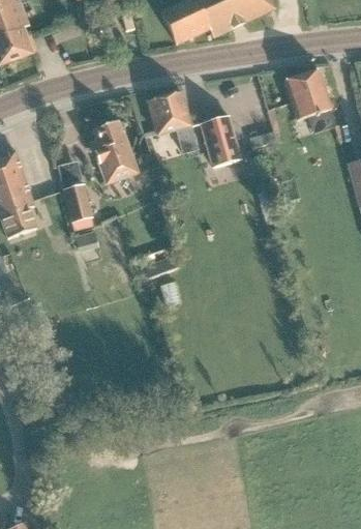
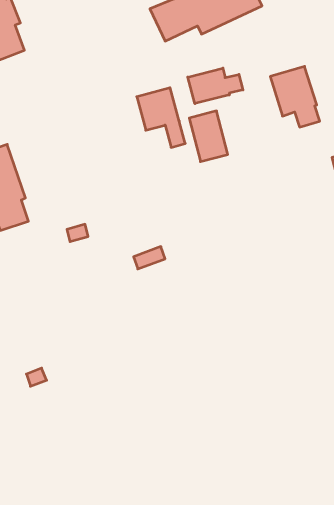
building: none -> [188,68,243,104]
building: [91,119,138,183] -> none
building: [57,159,92,230] -> none

